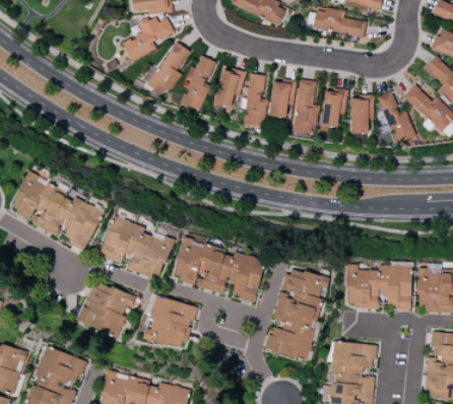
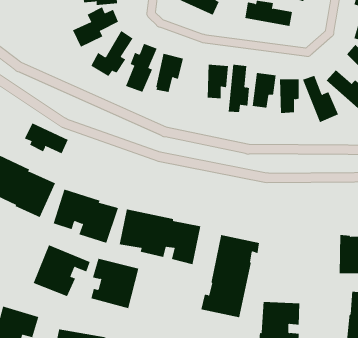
building: [245,74,267,126] -> none
building: none -> [24,123,69,154]
building: [347,264,412,310] -> none

